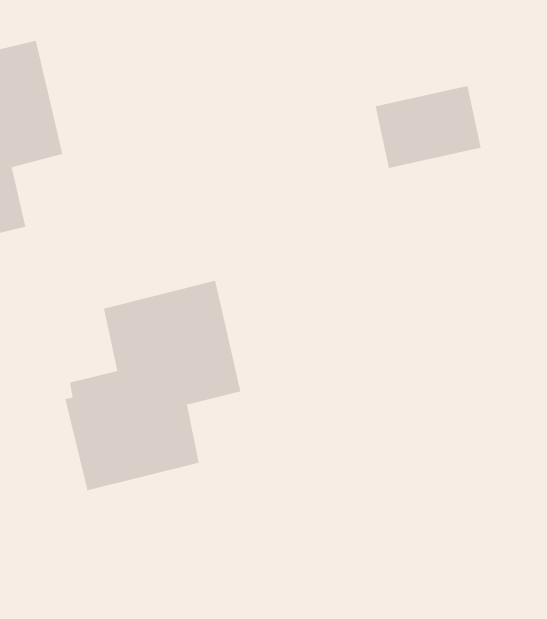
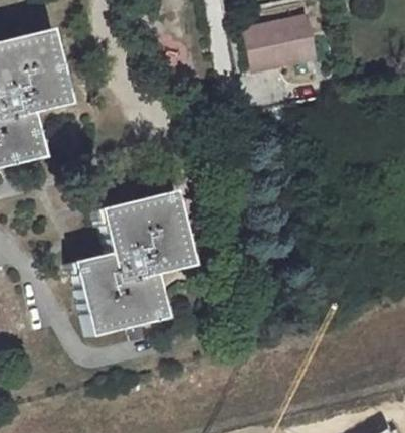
building: [375,85,482,168] -> [247,14,320,70]

